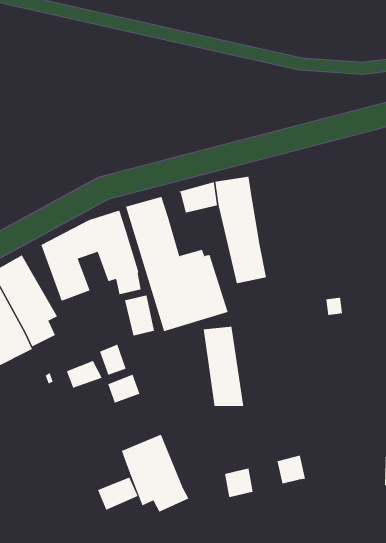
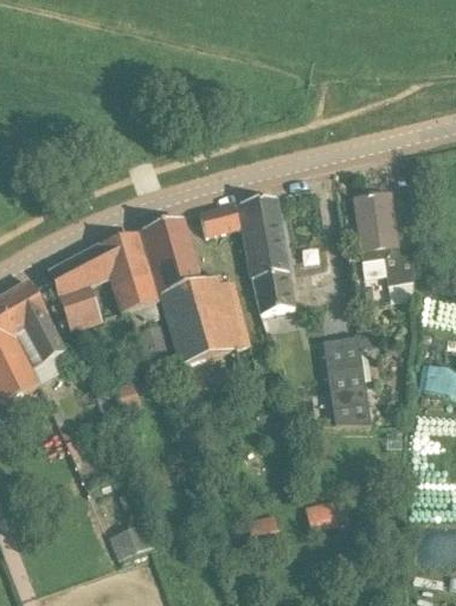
building: none -> [353,189,413,283]
building: [203,326,244,407] -> [325,336,370,424]
building: [66,360,103,389] -> none
building: [108,374,140,403] -> none
building: [121,434,189,512] -> none

